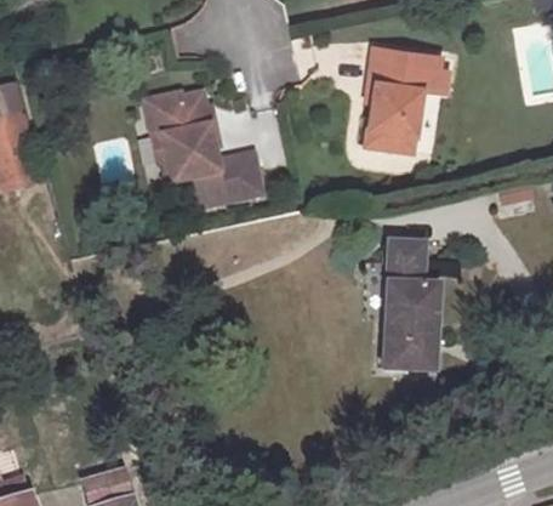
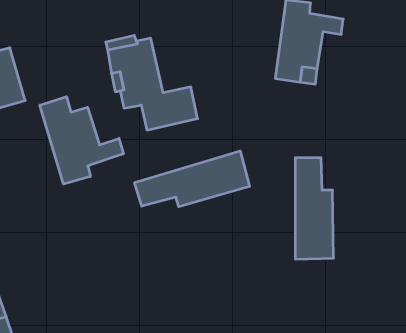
building: none -> [40,97,123,184]
building: none -> [135,151,250,207]

